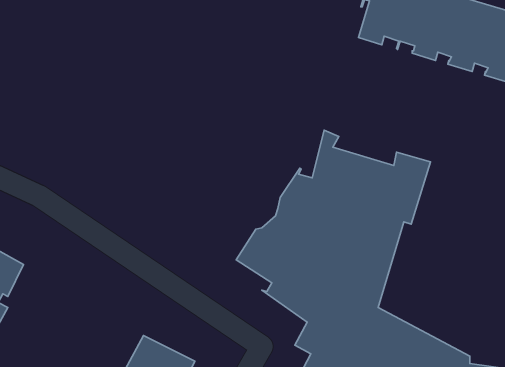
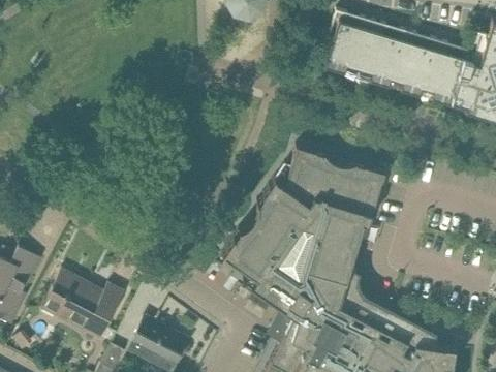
building: none -> [42,269,125,338]

